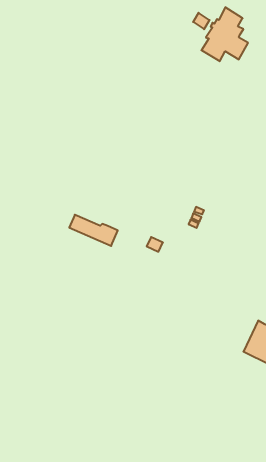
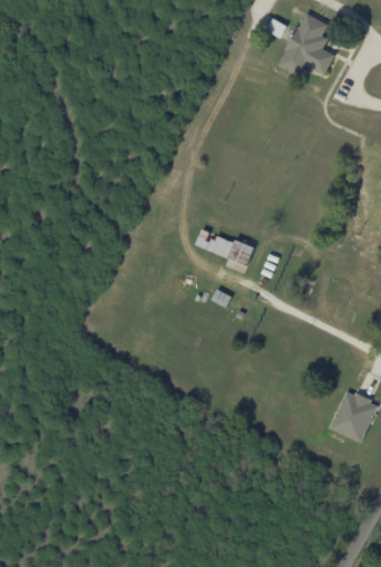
building: [69,215,118,246] -> [196,228,255,266]

